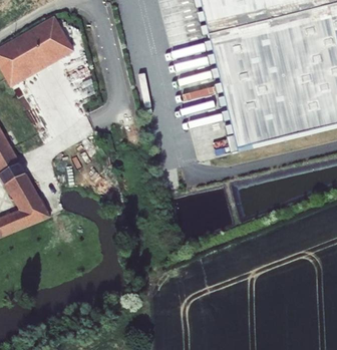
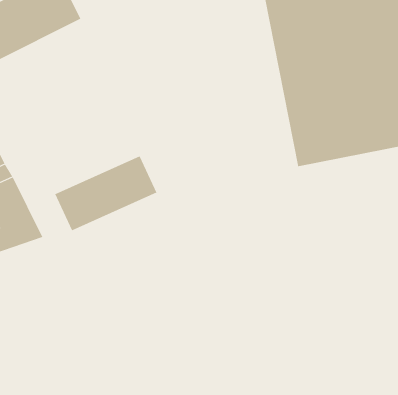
building: none -> [55,155,157,231]

